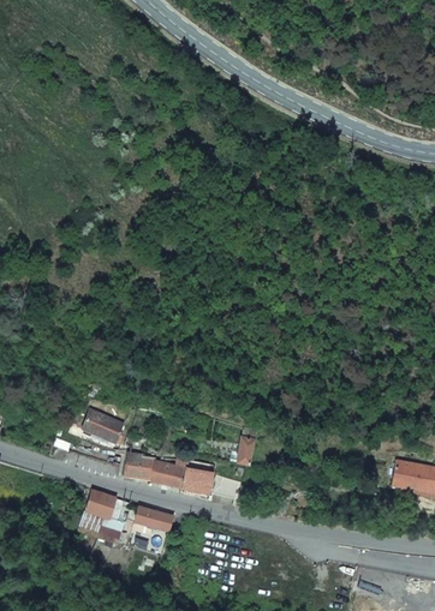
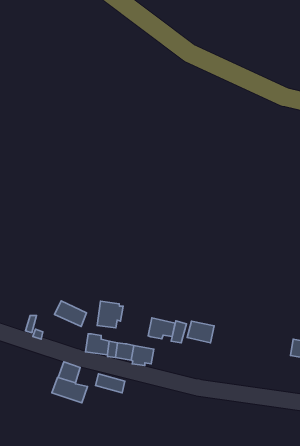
building: none -> [97,301,123,328]
building: none -> [148,318,175,339]
building: none -> [187,321,214,343]

